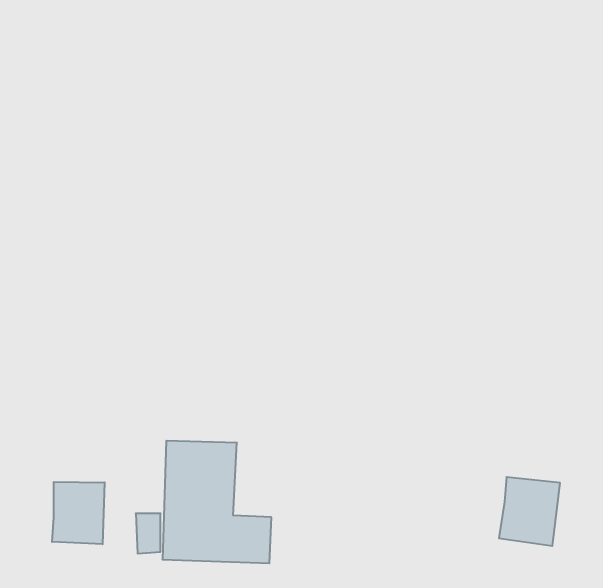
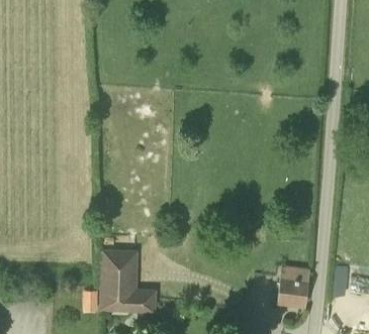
building: [52,482,105,544] -> none

